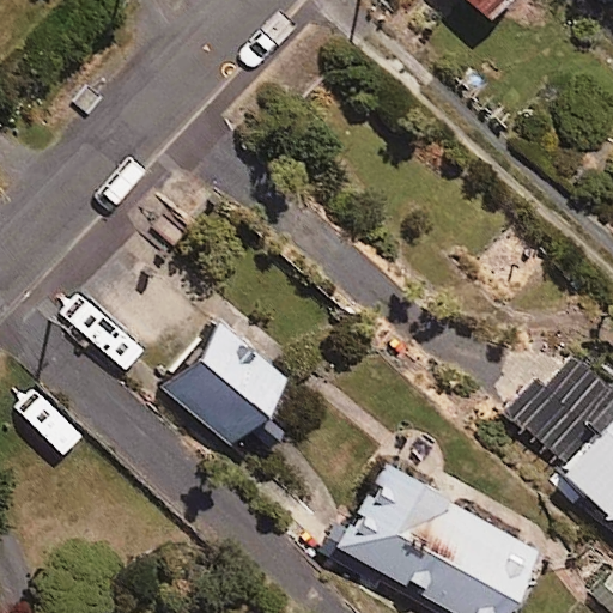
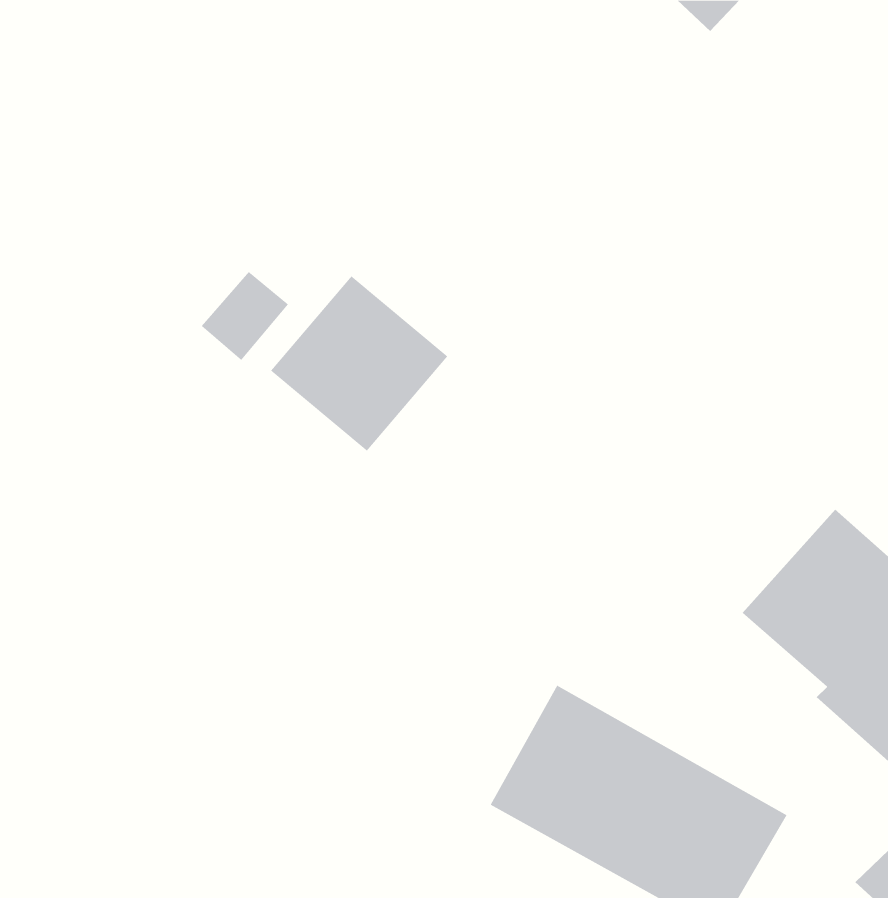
building: [169,328,290,448] -> [270,275,448,452]

